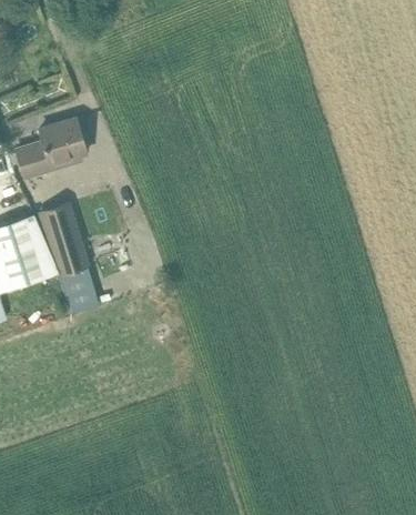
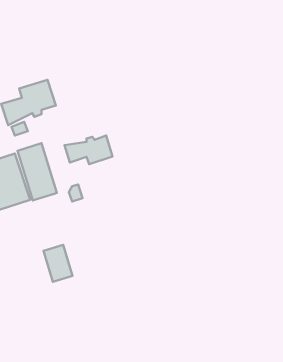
building: none -> [64,136,113,164]
building: [58,267,95,315] -> [44,245,73,282]

